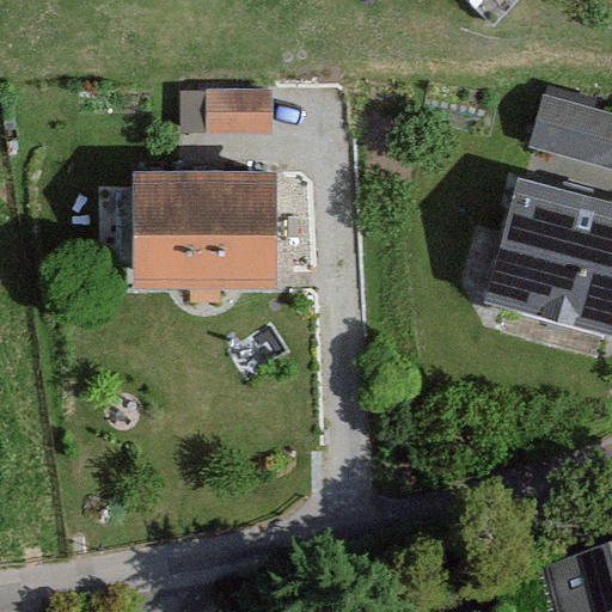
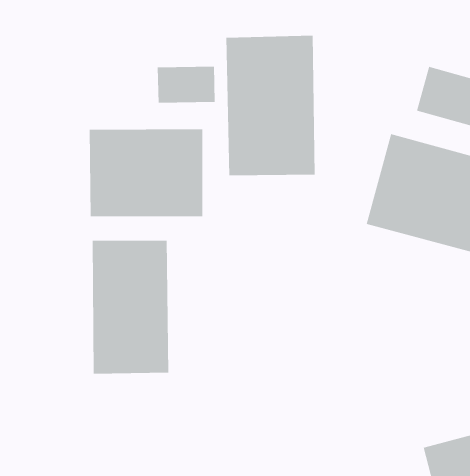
building: none -> [226,35,315,176]
building: none -> [92,240,169,375]

